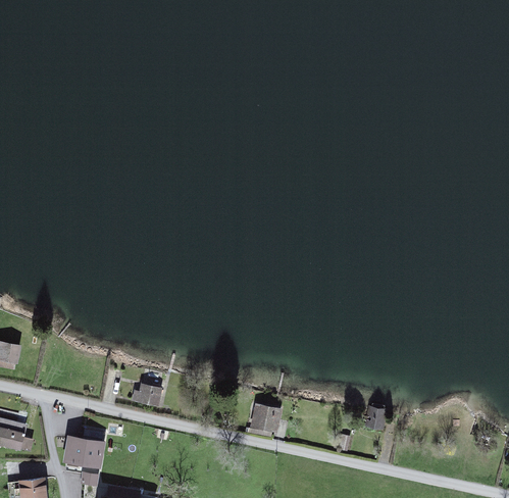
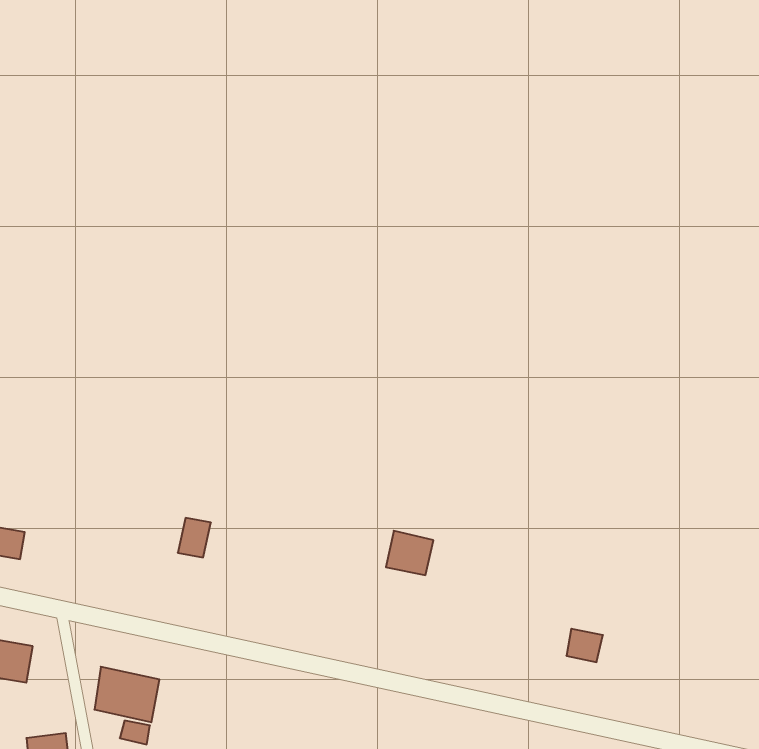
building: [139,380,160,405] -> [178,518,211,557]
building: [249,399,279,428] -> [386,531,433,575]

